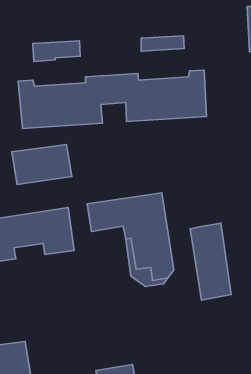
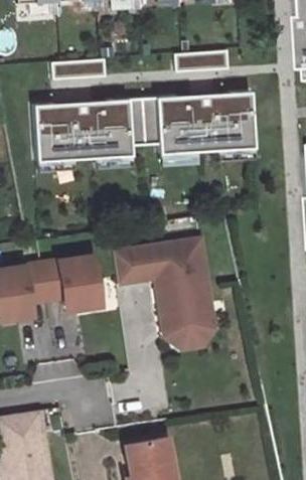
building: [12,144,72,185] -> none
building: [190,223,231,300] -> none

